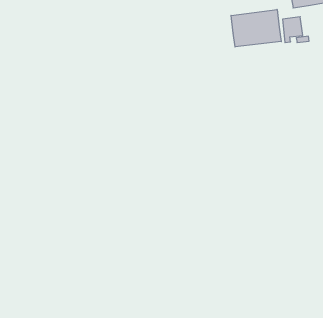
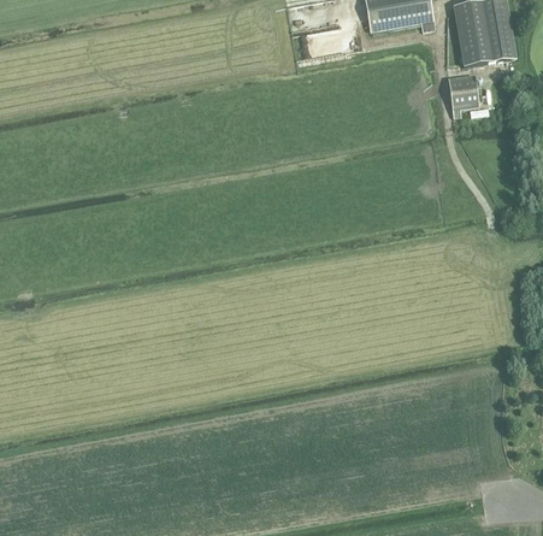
building: [231,9,281,47] -> none

